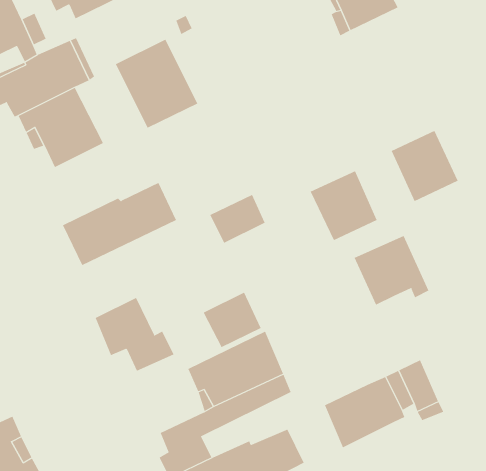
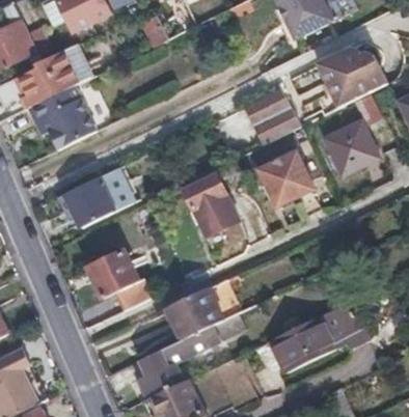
building: none -> [321,46,389,107]
building: [115,39,198,129] -> none
building: none -> [247,90,301,144]
building: [354,235,429,305] -> none
building: [203,292,261,348] -> [191,192,238,237]

